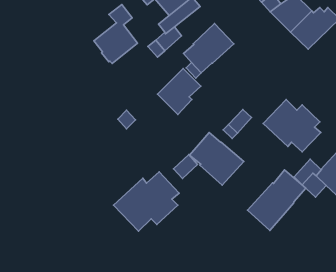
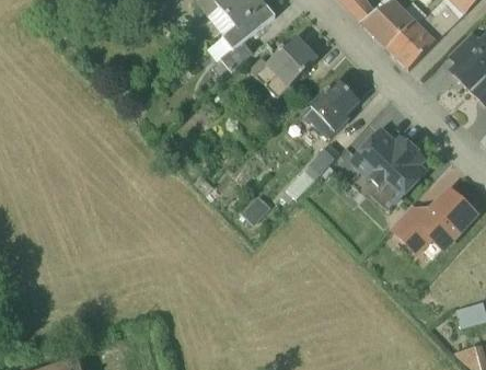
building: [94,4,138,63] -> none
building: [157,68,201,114] -> [304,79,358,136]
building: [190,133,244,185] -> none
building: [248,170,306,230] -> none
building: [114,172,179,231] -> none

